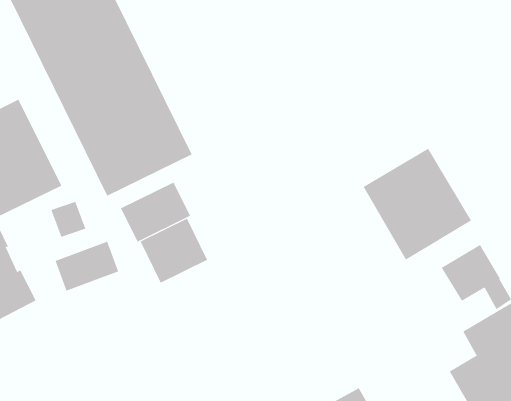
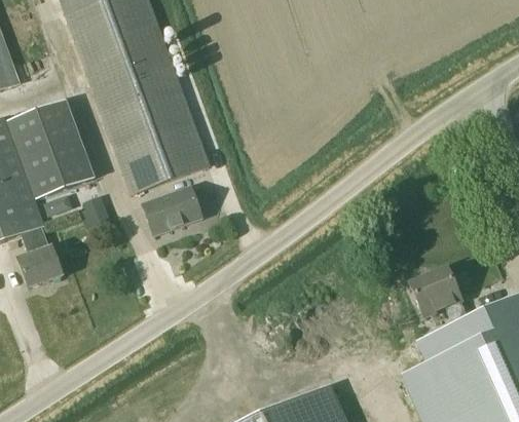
building: [363,148,472,260] -> none
building: [140,218,208,284] -> none
building: [55,241,119,291] -> none

